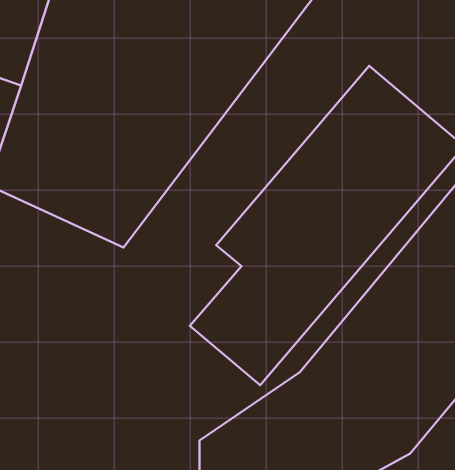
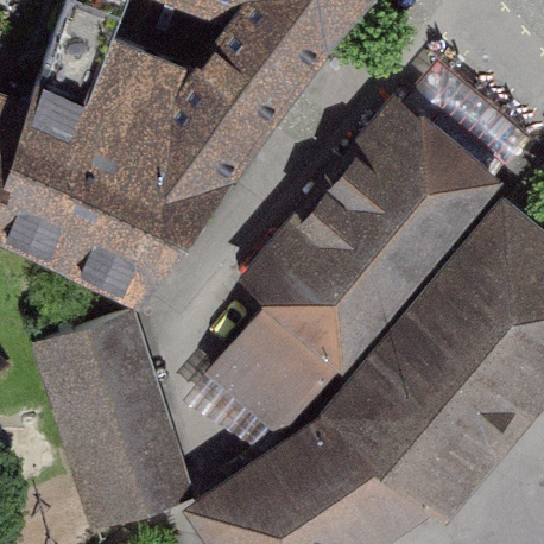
building: none -> [39,315,191,517]

